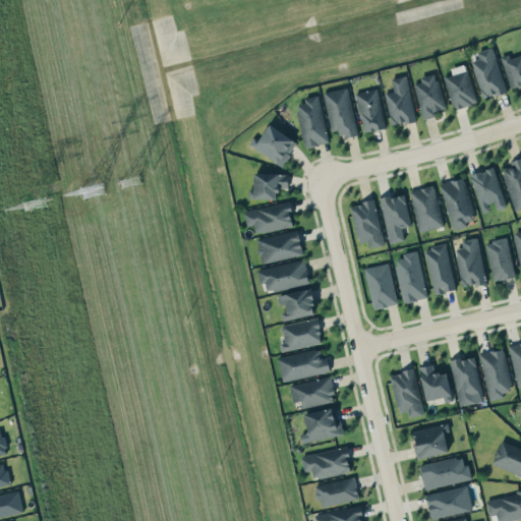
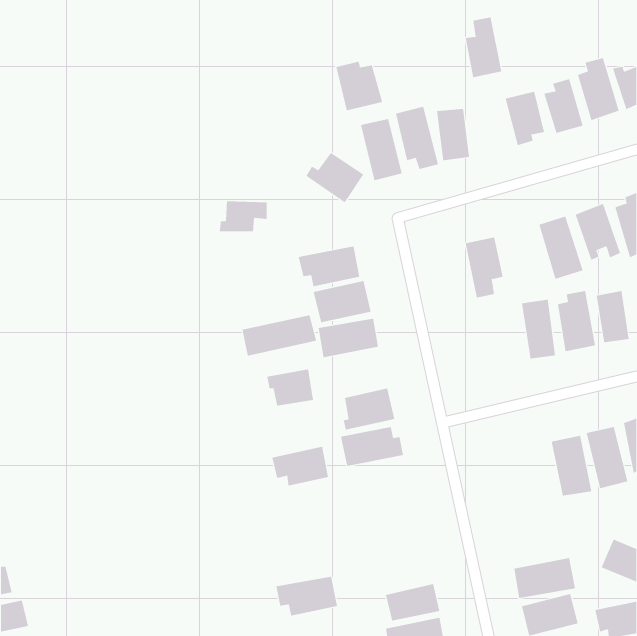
building: none -> [336,61,383,111]
building: [385,76,415,126] -> [465,17,502,78]
building: [248,174,288,199] -> [219,201,267,232]
building: [409,185,443,232] -> none
building: [350,200,385,248] -> none
building: [393,252,427,303] -> none
building: none -> [242,314,317,357]
building: [364,264,398,310] -> none
building: [277,289,315,320] -> [266,369,314,406]
building: [419,364,452,403] -> none
building: [390,369,423,418] -> none
building: [289,377,336,409] -> [272,446,329,486]
building: [300,407,343,444] -> none
building: [412,425,449,458] -> none
building: [301,448,352,480] -> [276,576,338,616]

